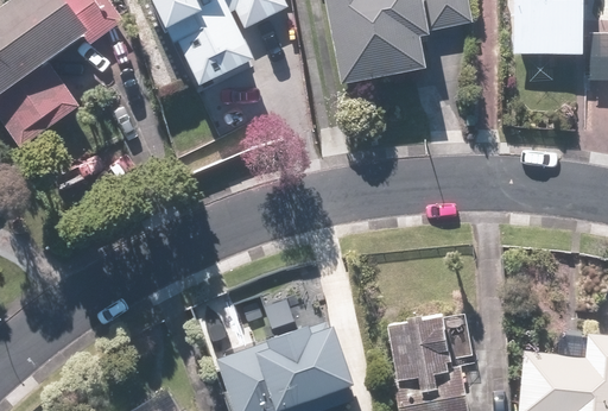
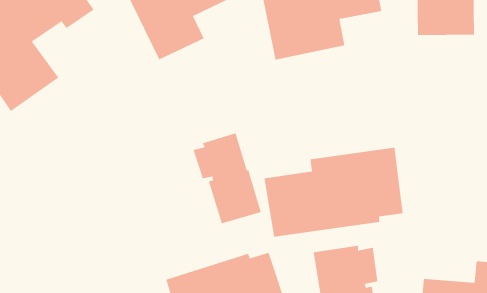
building: none -> [193,132,262,224]
building: none -> [264,147,403,238]

